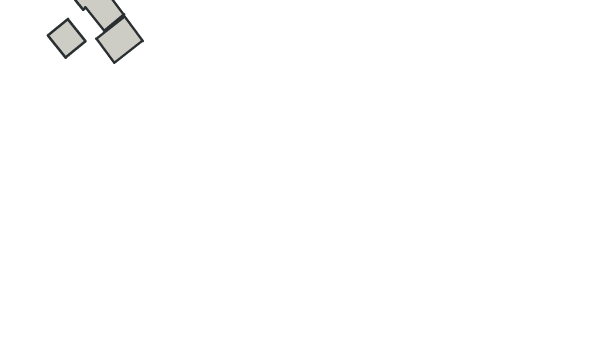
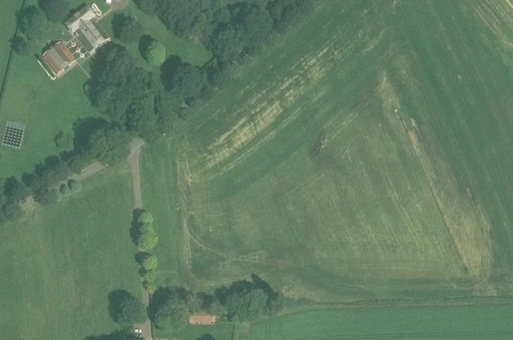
building: [96,17,143,63] -> none

